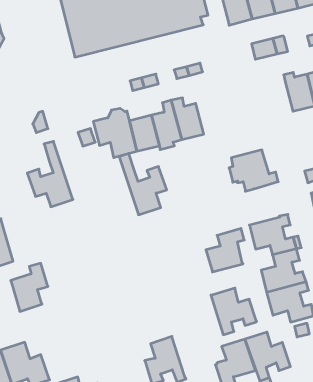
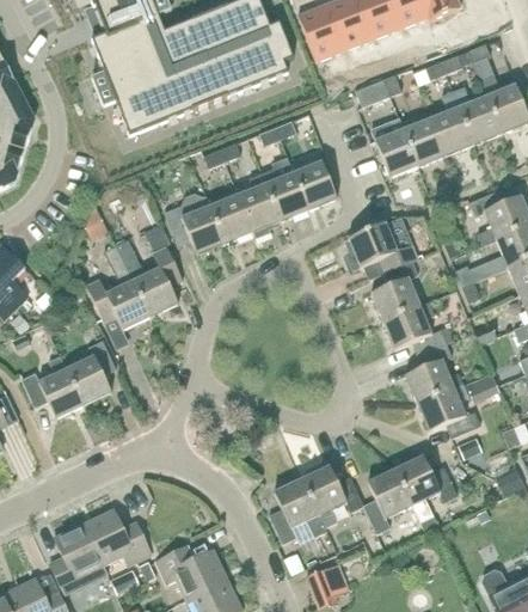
building: none -> [372,118,419,178]
building: none -> [293,161,337,210]
building: [119,153,167,215] -> [116,239,183,317]
building: [206,228,244,272] -> [370,259,420,320]
building: [11,263,48,311] -> [67,341,116,406]
building: [211,288,257,335] -> [301,464,364,526]

